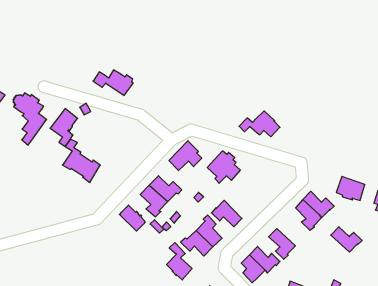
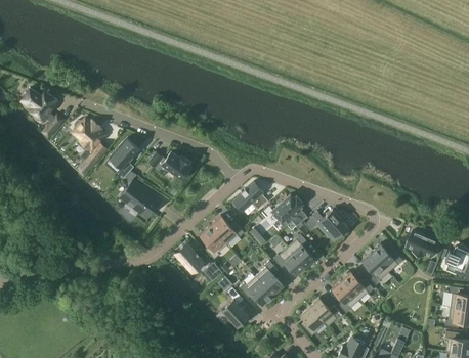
building: [93,70,133,95] -> [150,151,191,179]
building: [239,111,280,137] -> [305,210,348,237]
building: none -> [288,234,314,267]
building: [331,227,362,252] -> [341,272,374,300]

